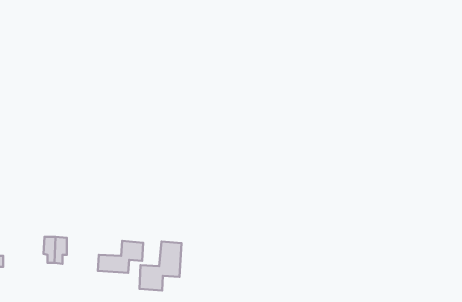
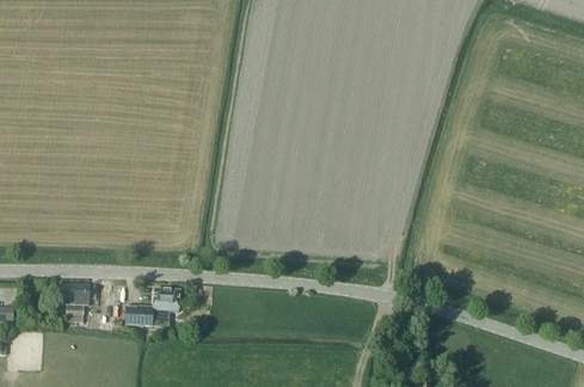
building: [140,242,182,291] -> none

